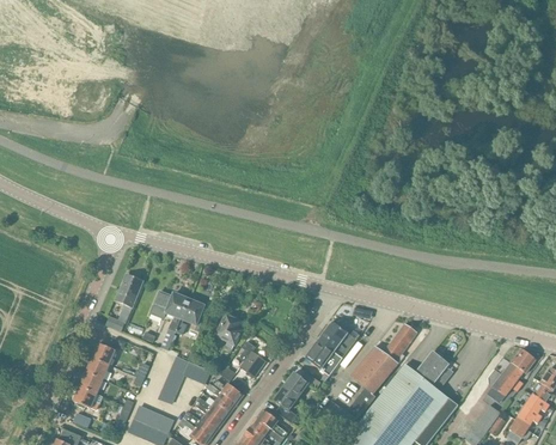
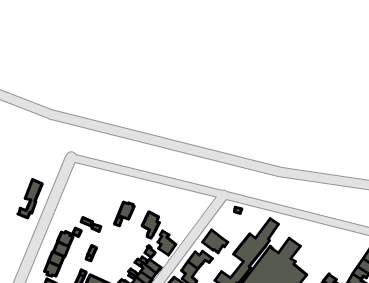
building: [105,274,141,330] -> [18,180,42,218]
building: [151,289,189,348] -> none
building: [318,322,359,358] -> none
building: [491,348,536,396] -> none
building: [159,356,210,403] -> none

